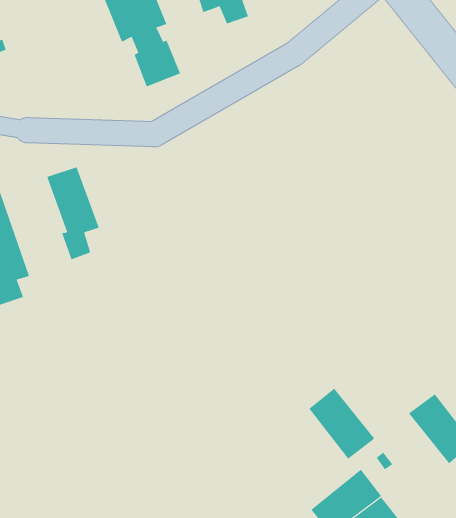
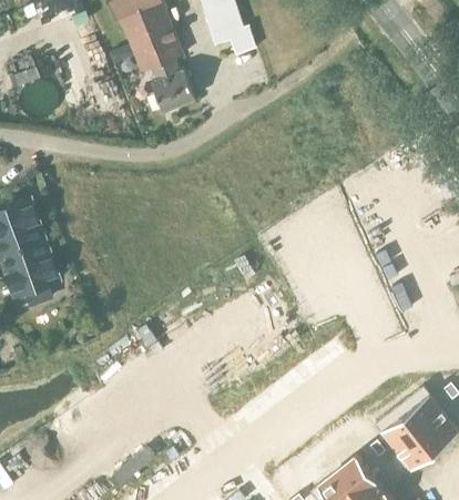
building: [46,167,100,260] -> none
building: [308,388,375,460] -> [375,405,435,469]

